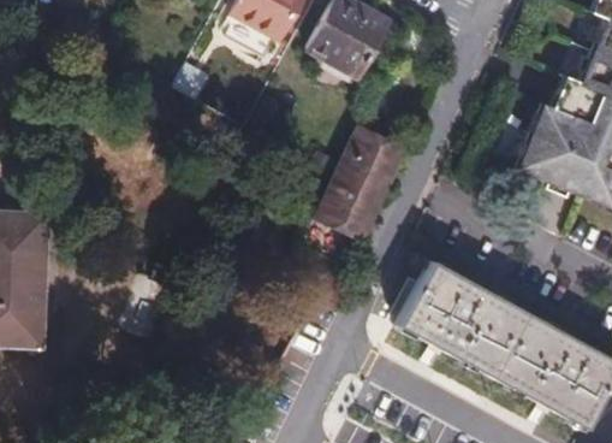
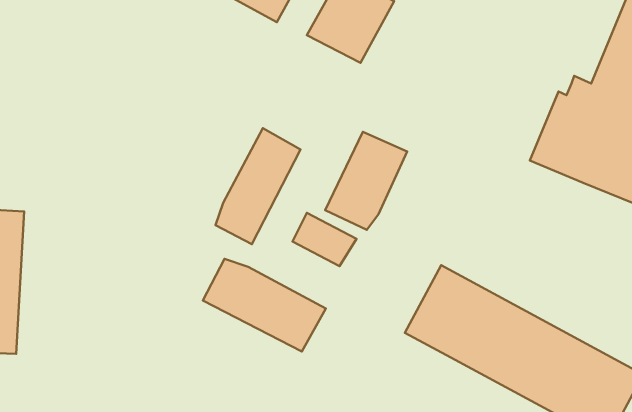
building: none -> [215,128,300,244]
building: none -> [203,259,326,351]

